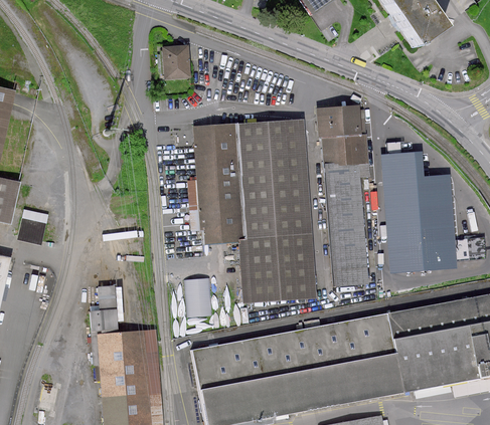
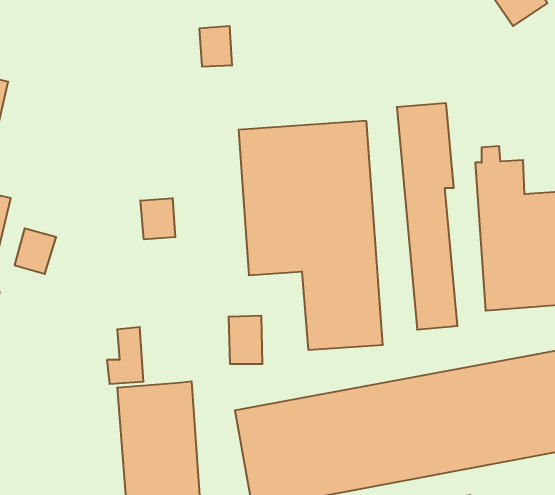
building: none -> [140,198,175,239]

